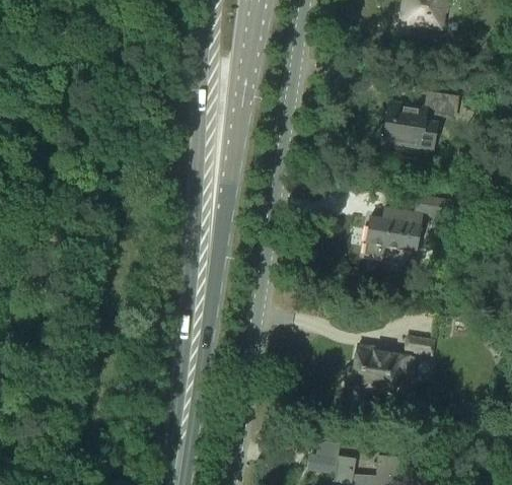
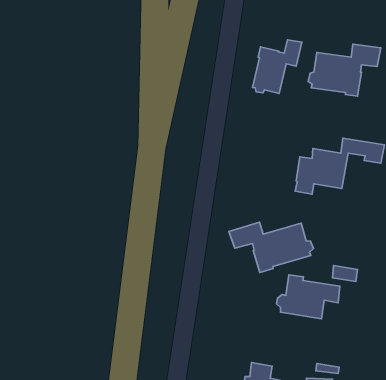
building: none -> [252,40,302,94]
building: none -> [229,222,313,273]

